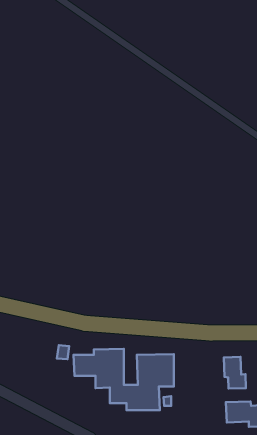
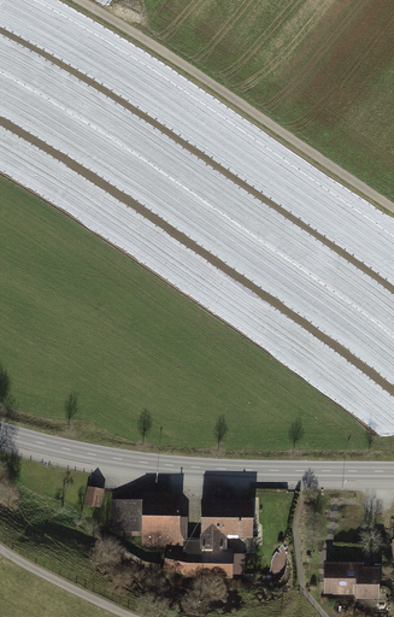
building: [224,357,246,389] -> none

